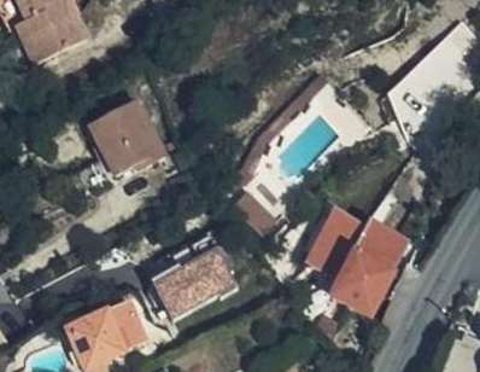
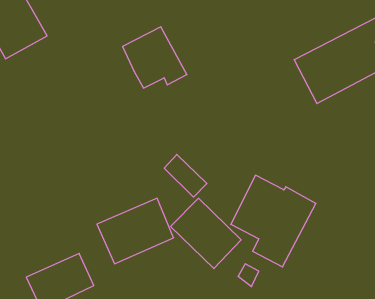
building: [90,103,165,174] -> [123,27,187,88]
building: none -> [171,198,241,269]

